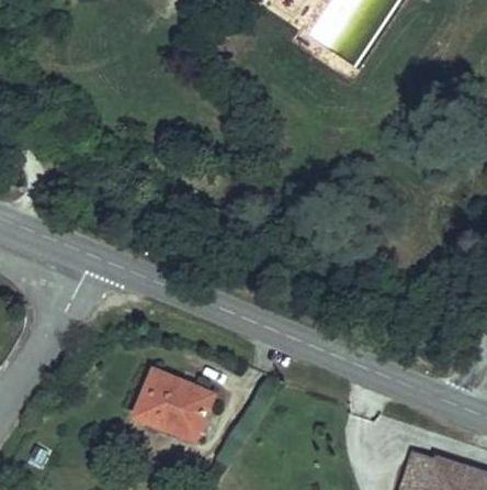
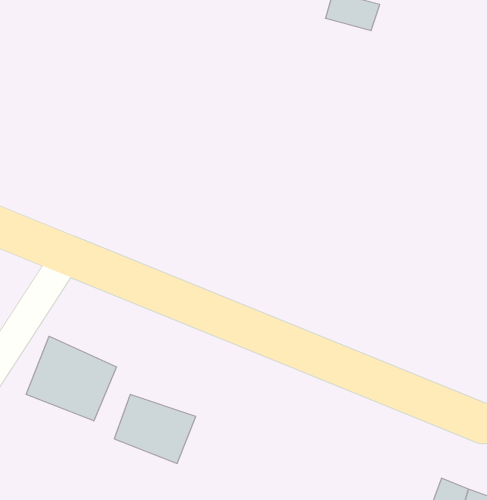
building: none -> [26,336,116,421]

